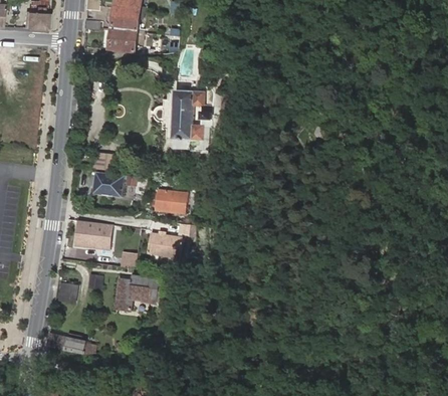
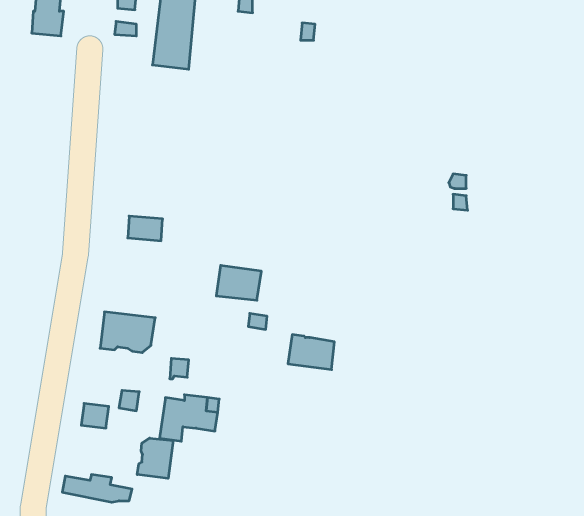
building: [171,90,209,150] -> none
building: [92,172,136,198] -> none
building: [146,232,178,256] -> [288,335,334,370]
building: none -> [137,438,173,478]

